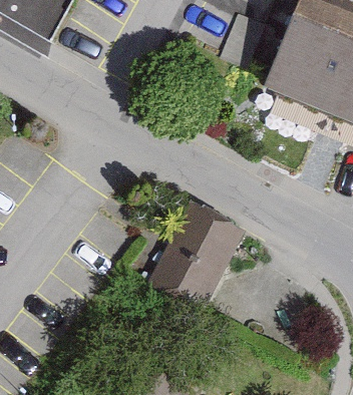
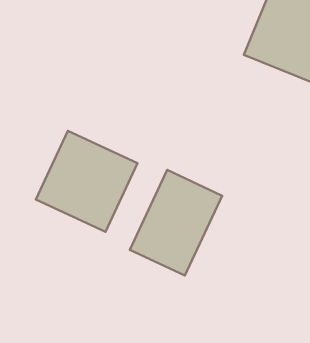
building: none -> [36,131,137,232]

